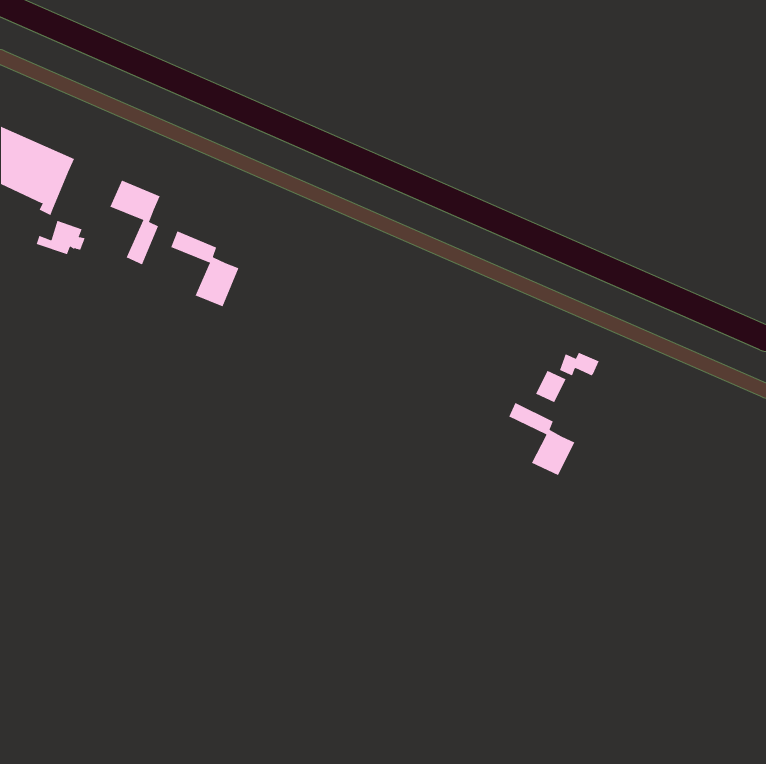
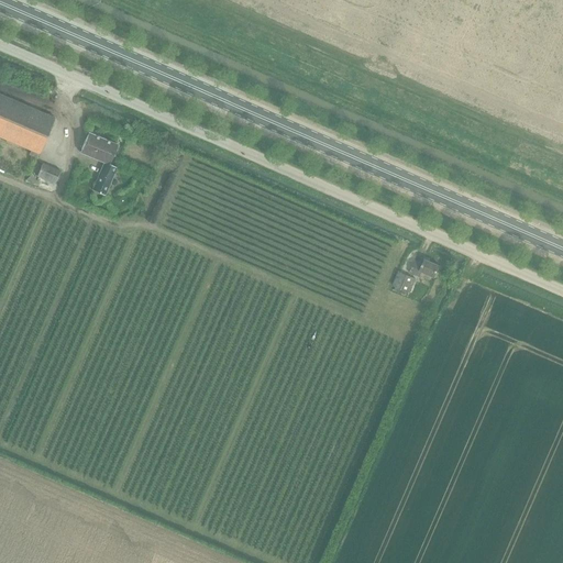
building: [171,231,239,307] -> none
building: [509,402,575,476] -> none

